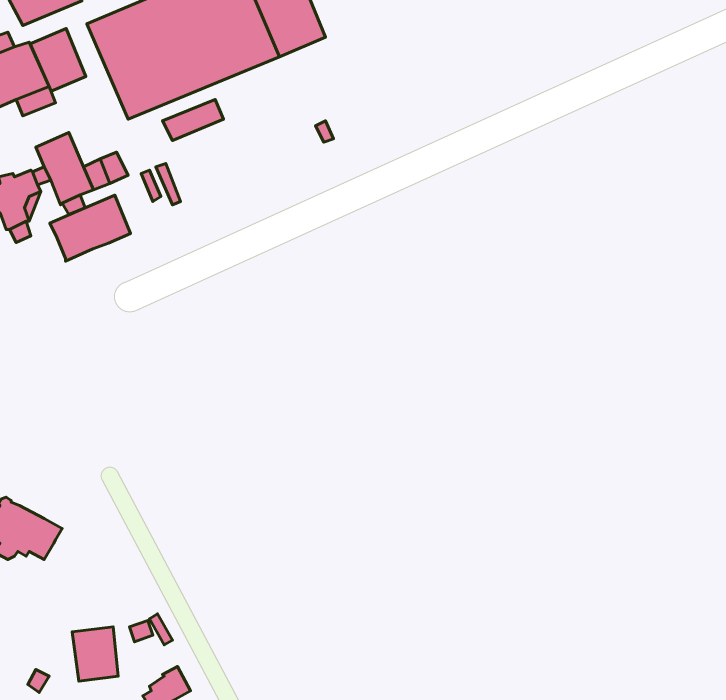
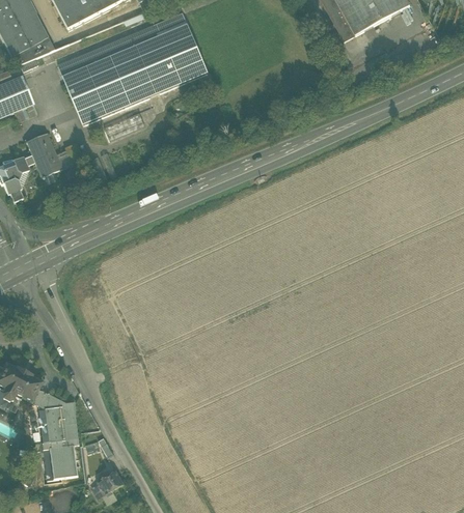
building: [30,29,86,91] -> none
building: [50,195,130,261] -> none
building: none -> [30,391,78,448]

